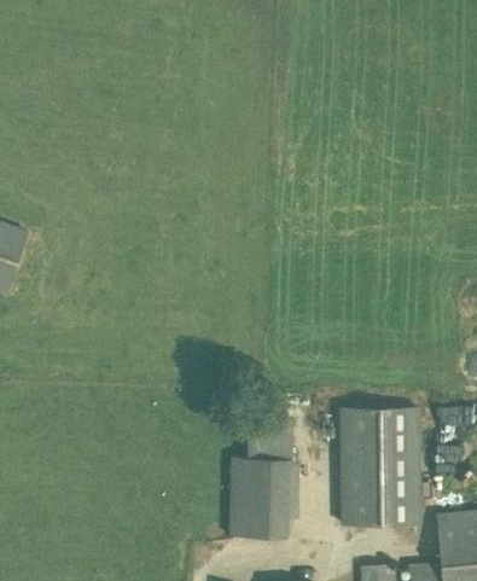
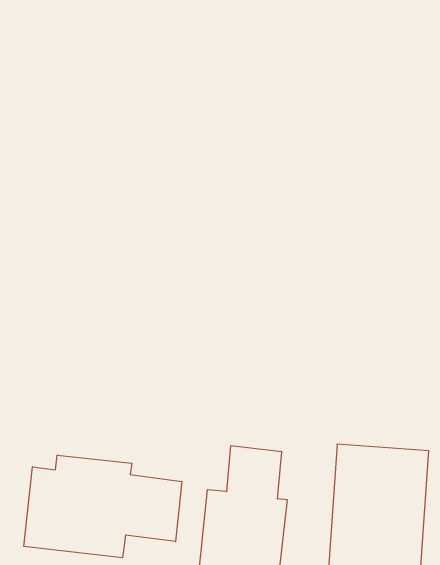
building: none -> [24,455,182,558]

